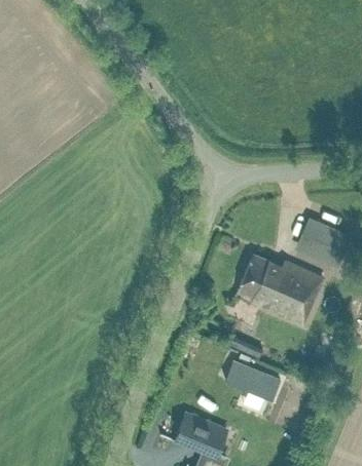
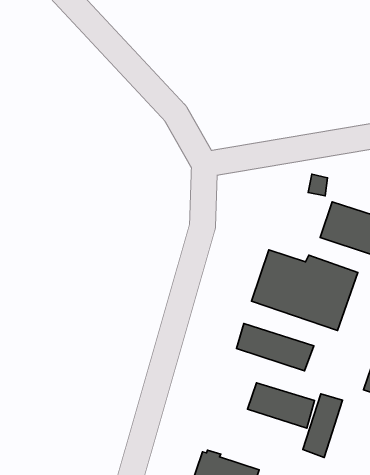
building: none -> [237,323,314,371]
building: none -> [303,394,343,457]

